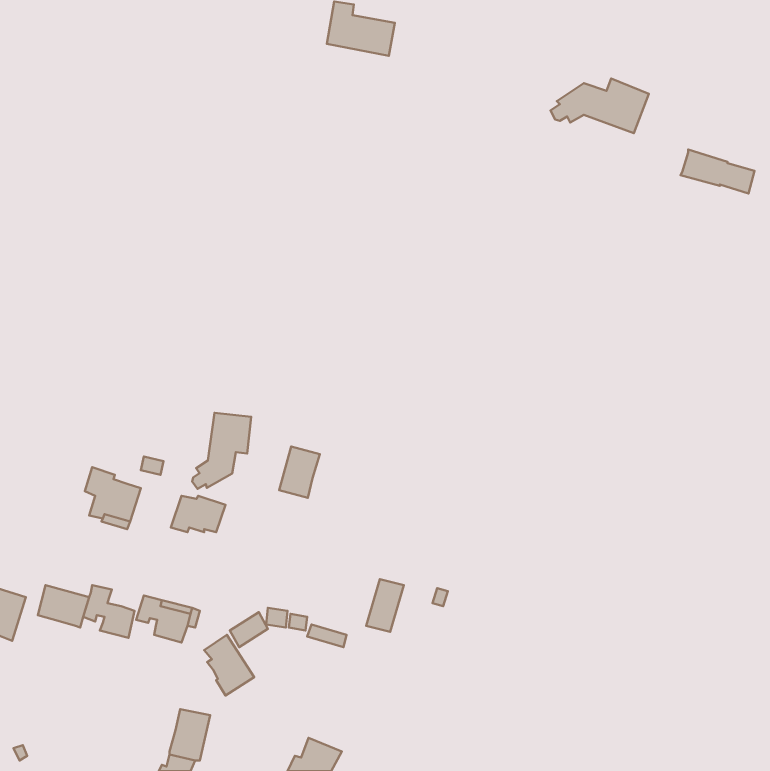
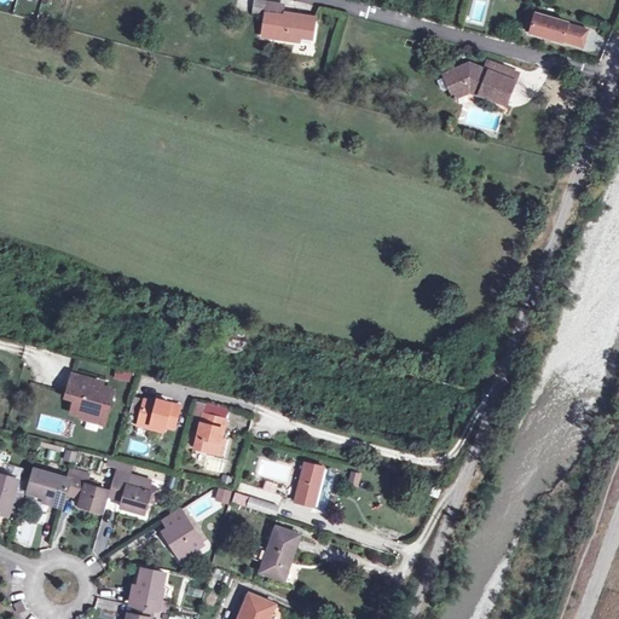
building: [680,150,755,193] -> [530,13,589,48]
building: [192,413,251,489] -> none
building: [279,446,320,498] -> [192,411,225,452]
building: none -> [247,522,294,574]

